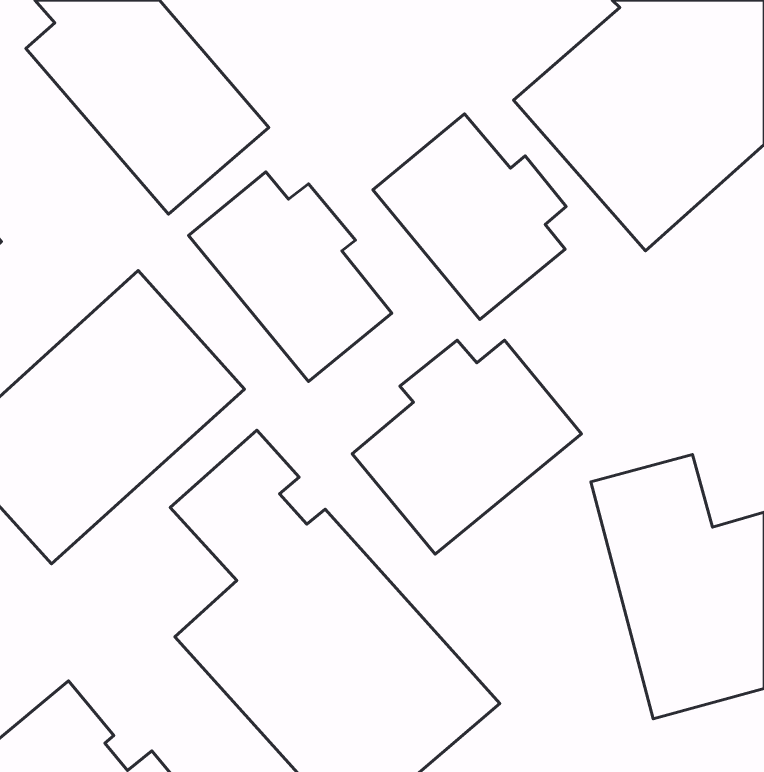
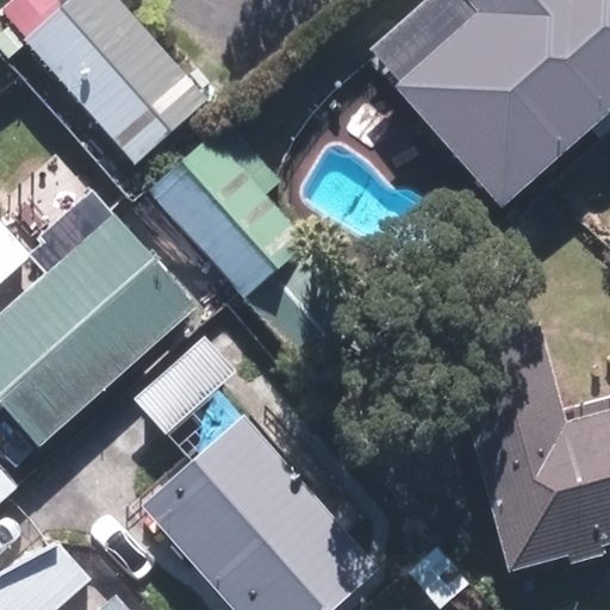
building: [373,114,566,320] -> none
building: [352,340,581,554] -> none

